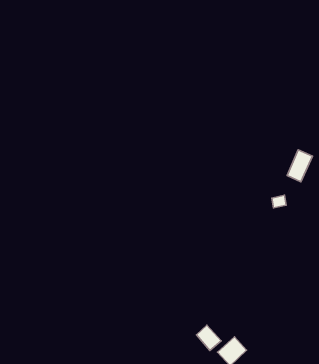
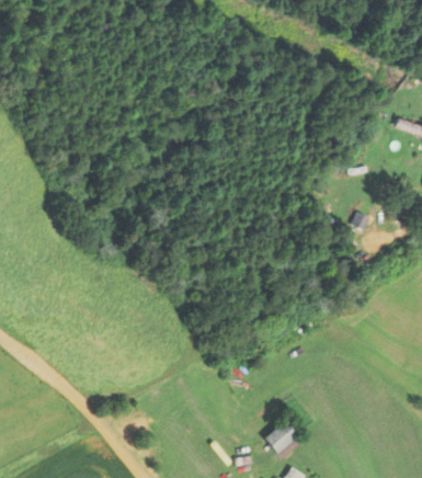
building: [197,325,221,351] -> none

